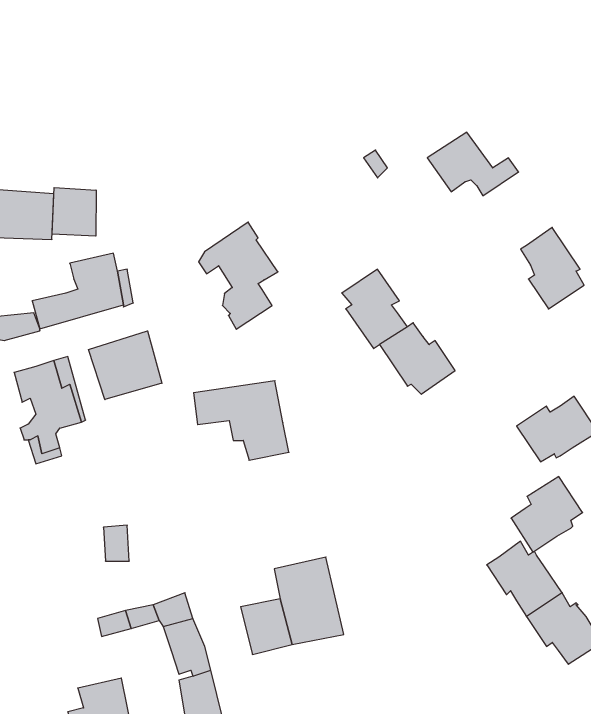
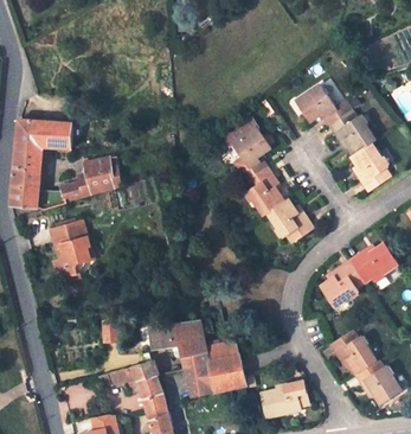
building: none -> [329,109,375,153]
building: [52,188,96,236] -> none
building: [199,222,278,329] -> [223,117,270,181]
building: [89,331,162,400] -> none
building: [194,381,289,460] -> [152,321,208,369]
building: [511,477,583,552] -> [321,261,364,306]
building: none -> [259,379,309,417]

